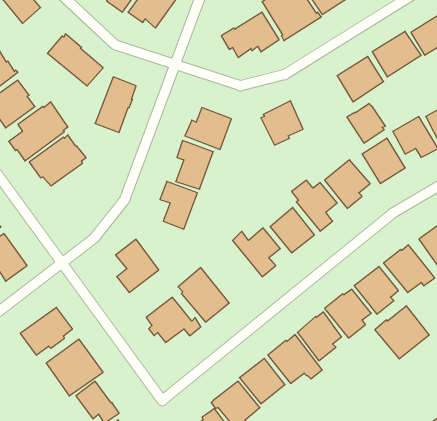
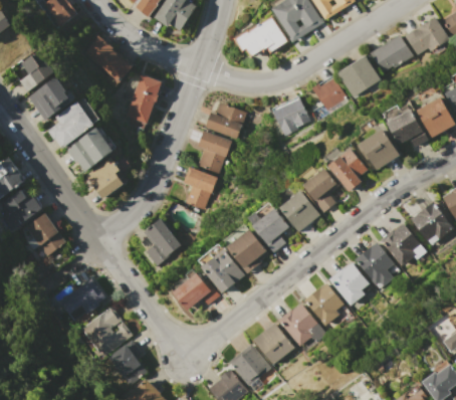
building: [347,104,385,143] -> [312,75,347,111]
building: none -> [87,158,125,198]
building: none -> [224,223,269,273]
building: [375,306,429,359] -> none

